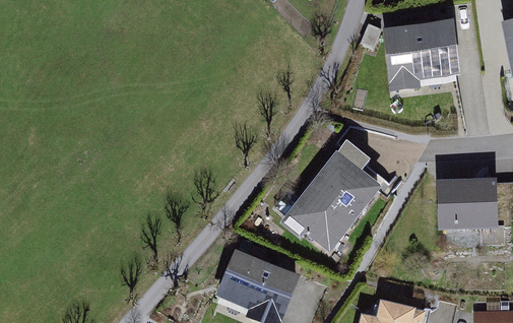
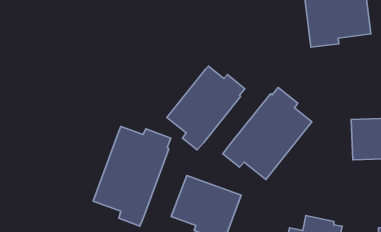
building: none -> [167,66,245,150]
building: none -> [93,127,171,226]

